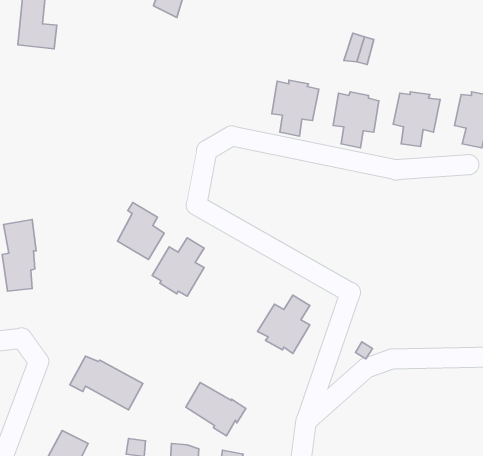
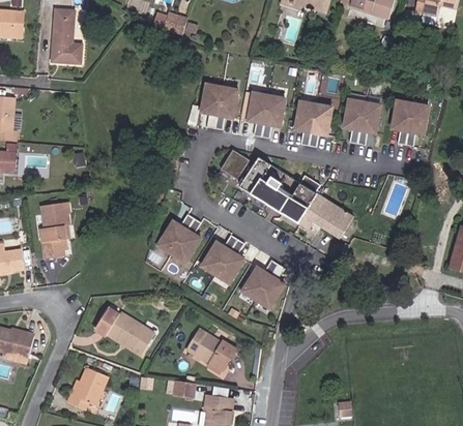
building: none -> [206,83,242,127]
building: none -> [223,149,252,178]
building: none -> [244,156,357,236]
building: [118,203,164,259] -> none
building: none -> [201,237,242,282]

